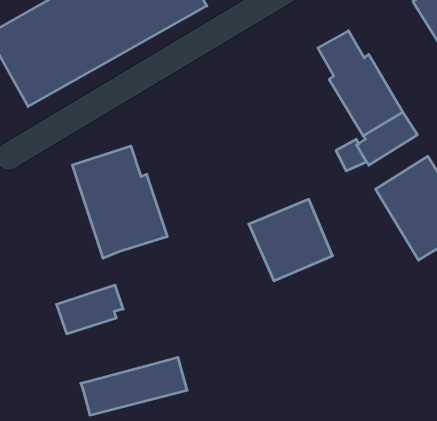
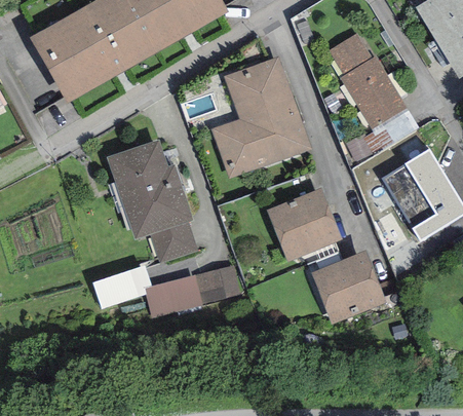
building: none -> [210,56,311,178]
building: none -> [149,222,197,263]
building: none -> [310,251,386,325]
building: [81,357,187,415] -> [144,265,240,317]

